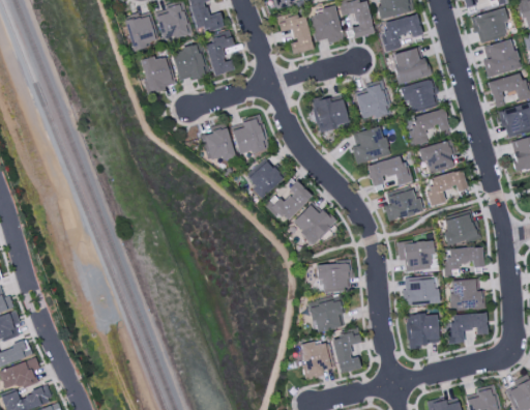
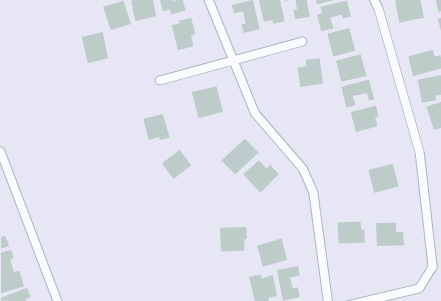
building: [483,39,521,77] -> none
building: [173,46,206,82] -> none
building: [142,55,175,93] -> [81,32,109,64]
building: [312,94,349,131] -> none
building: [354,126,389,162] -> none
building: [203,128,236,160] -> [143,113,170,140]
building: [367,156,411,186] -> none
building: [246,160,284,198] -> [161,149,192,180]
building: [428,171,468,206] -> none
building: [384,188,422,222] -> none
building: [399,240,435,272] -> none
building: [444,246,484,269] -> none
building: [319,262,353,292] -> [219,227,248,252]
building: [447,314,488,344] -> none
building: [409,315,439,346] -> none

